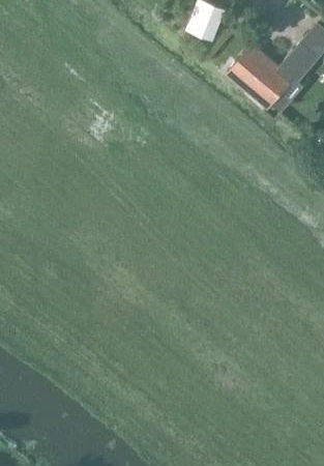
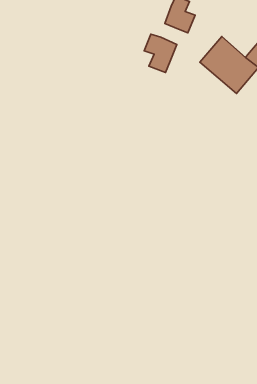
building: none -> [144,34,177,73]

